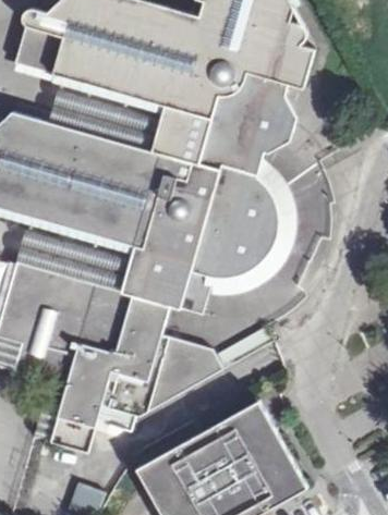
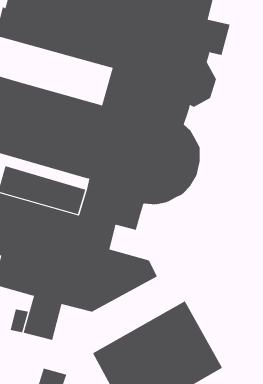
building: [47,89,158,151] -> none
building: [198,160,293,295] -> none

